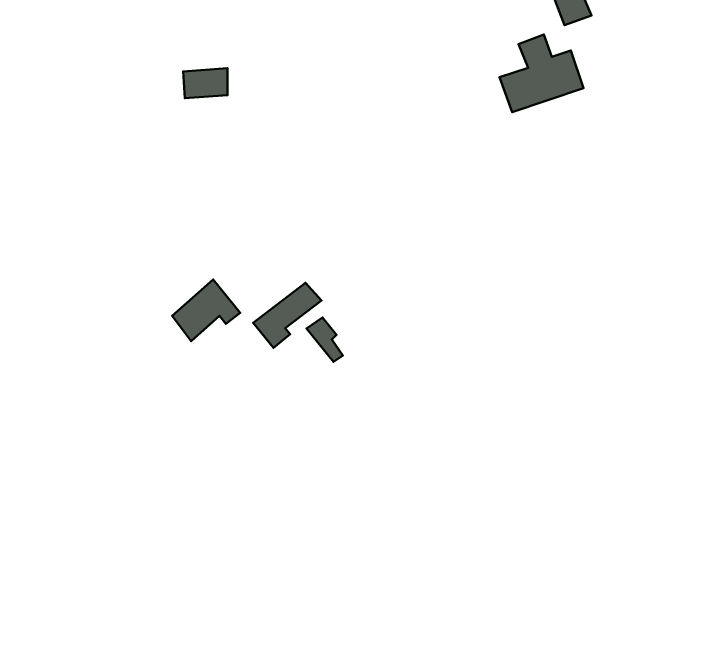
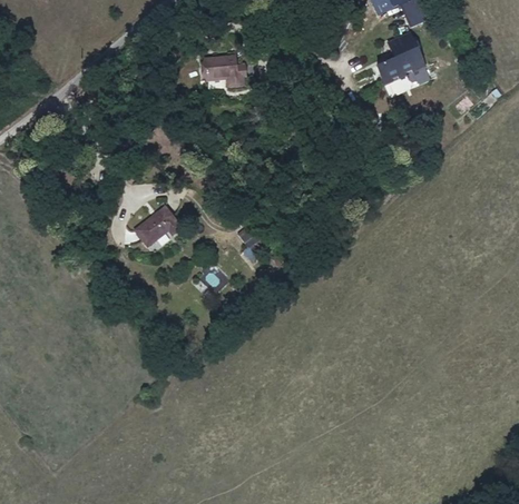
building: [183,68,227,98] -> [208,58,239,79]
building: [253,283,322,348] -> none

